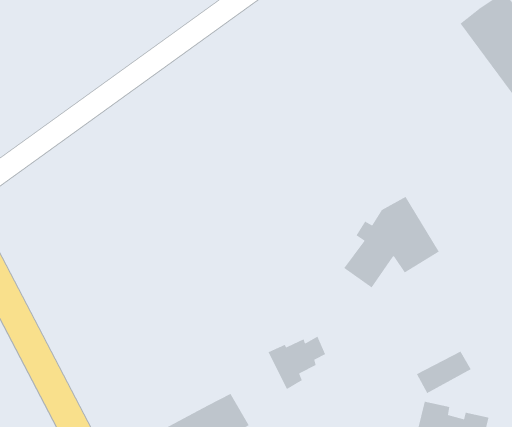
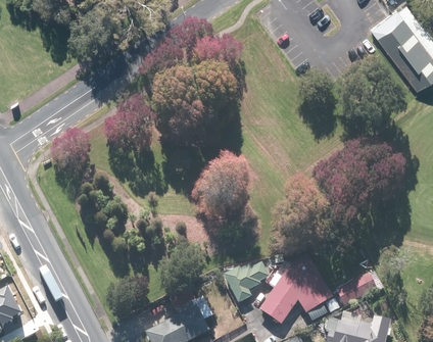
building: [343,196,440,289] -> [260,255,333,325]

